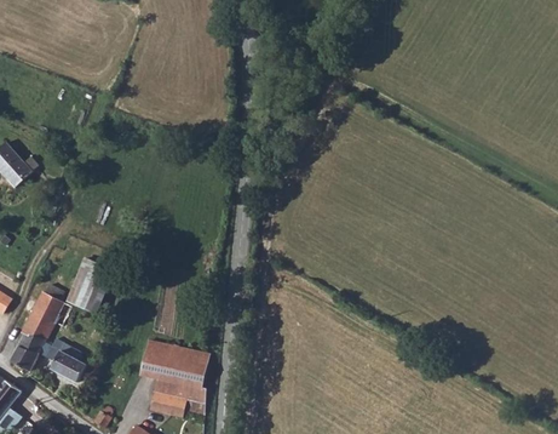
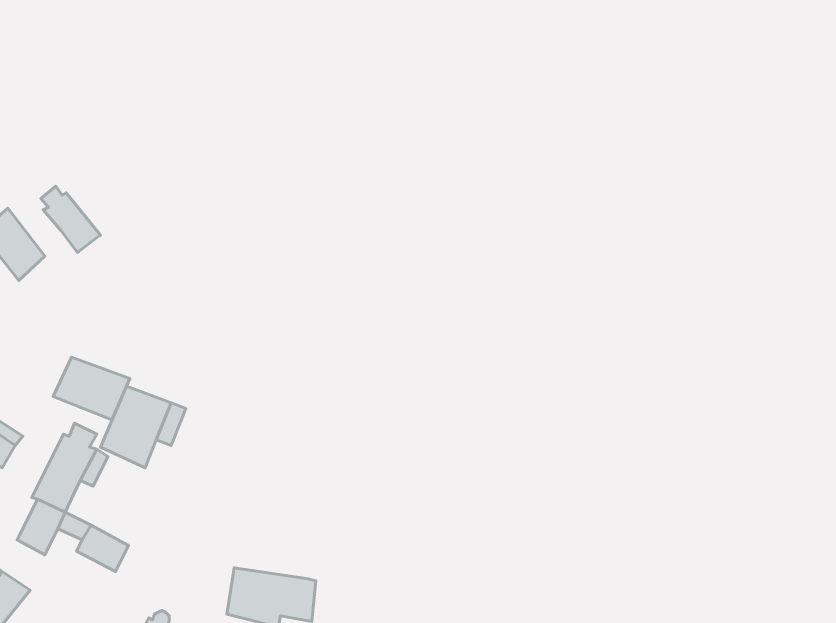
building: none -> [41,186,101,252]
building: none -> [53,357,130,420]
building: [137,341,206,386] -> none

